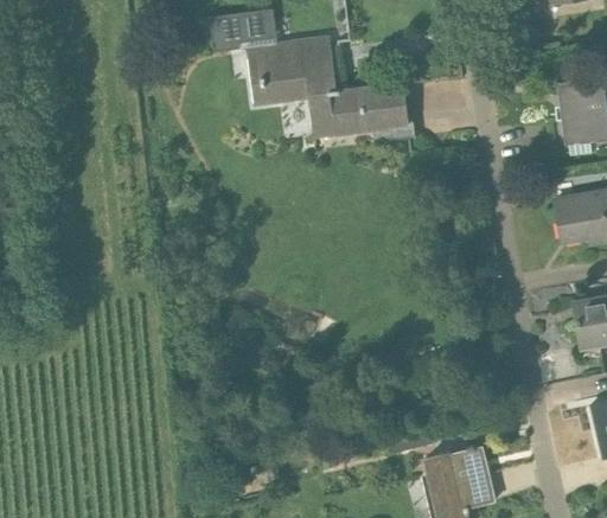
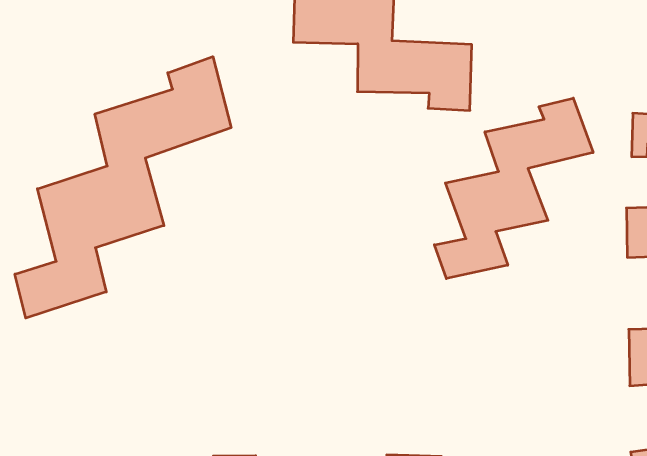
building: none -> [434,98,593,279]
building: none -> [15,57,231,318]

